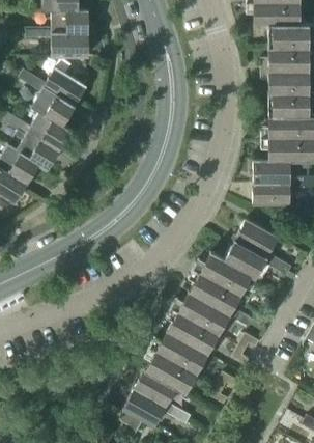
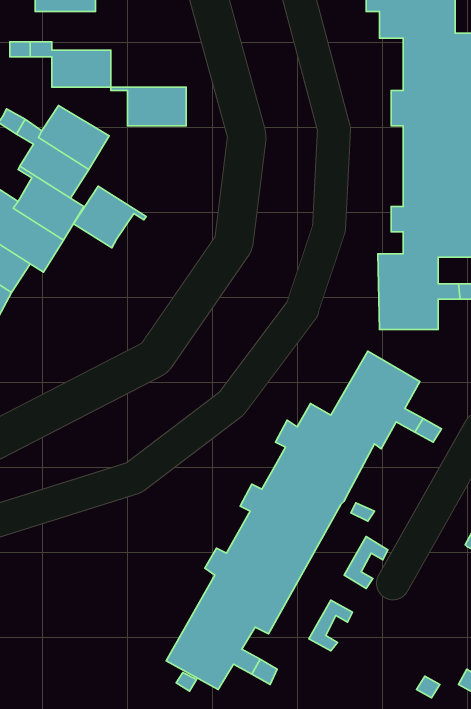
building: [41,9,88,33] -> [111,87,186,126]
building: none -> [74,186,146,248]

